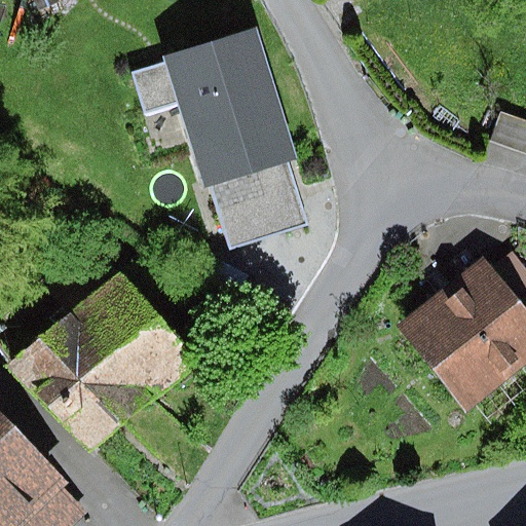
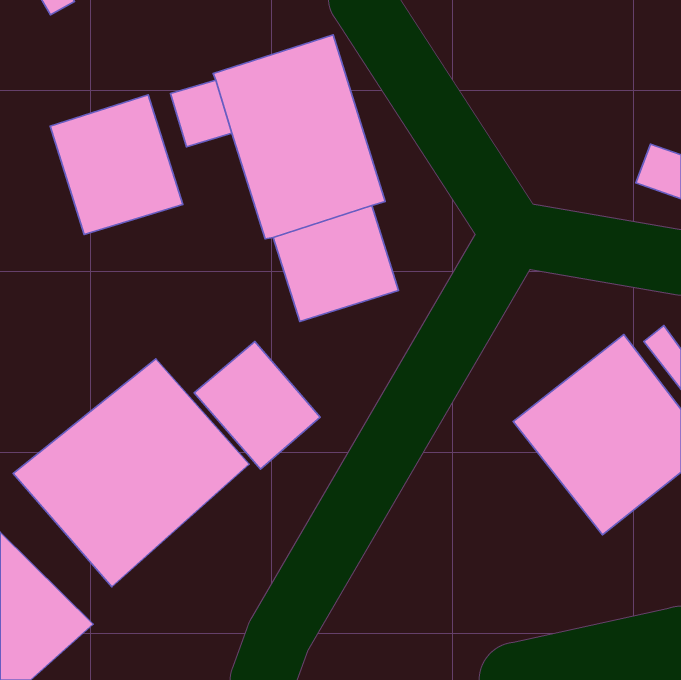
building: none -> [50,95,183,234]
building: none -> [194,342,320,469]

